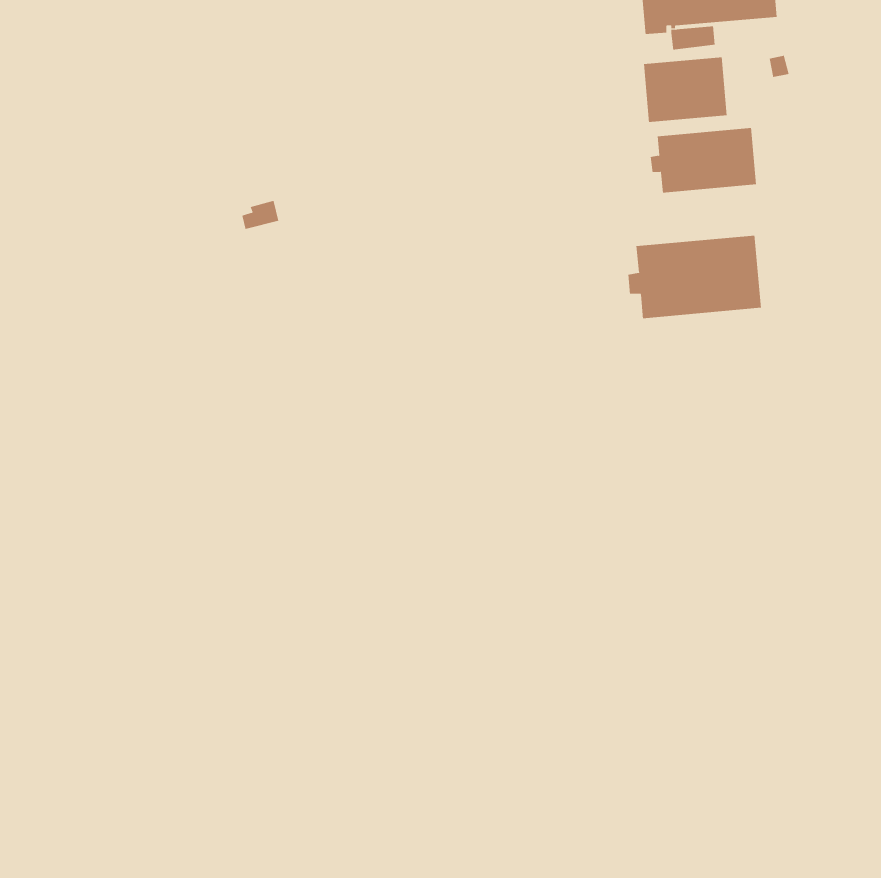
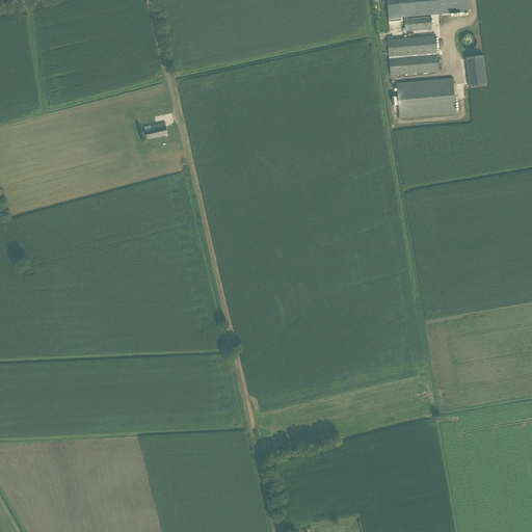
building: none -> [466,54,487,86]
building: [628,235,762,319] -> none

